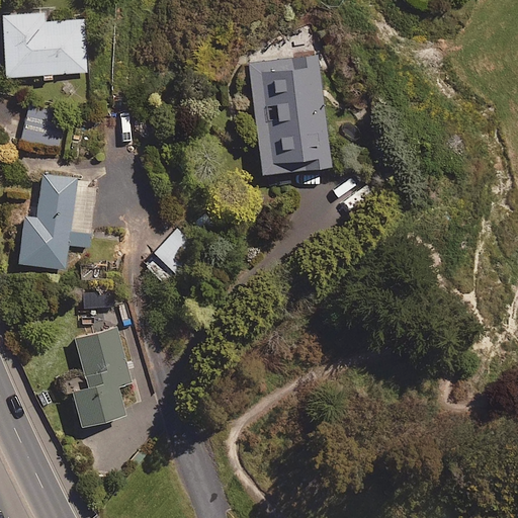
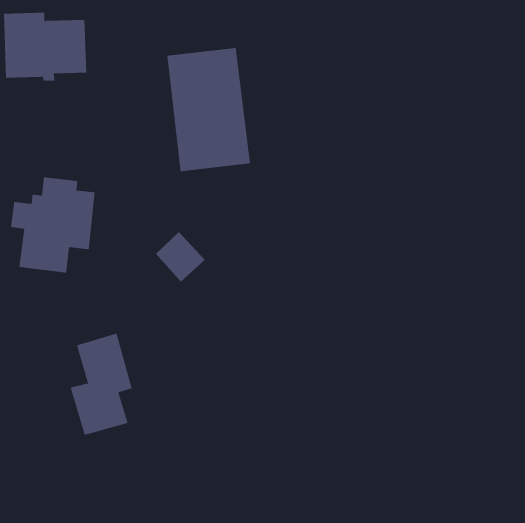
building: [249,54,332,176] -> [167,47,251,172]
building: [22,105,66,147] -> none

